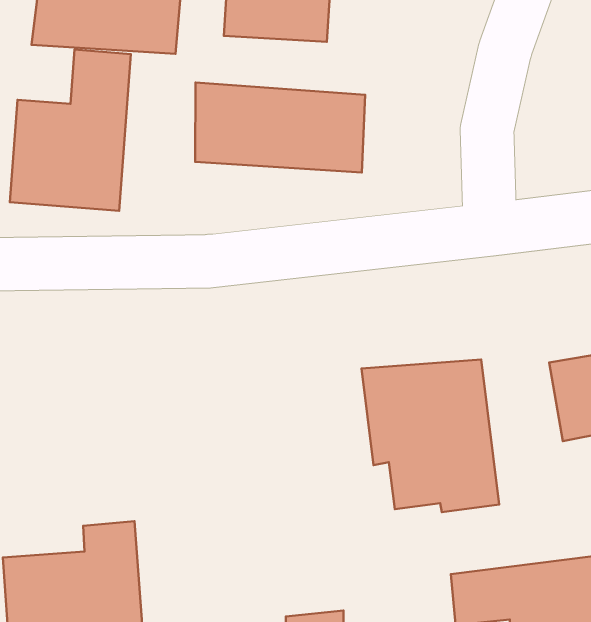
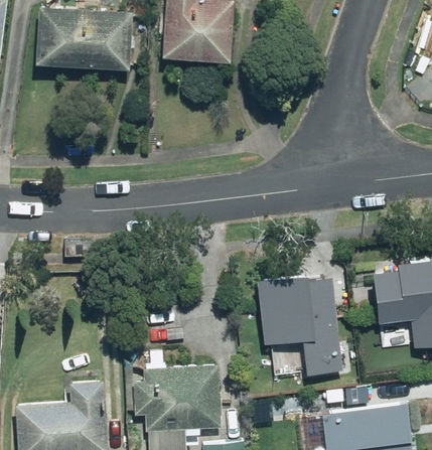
building: [10,49,131,211] -> none
building: [195,82,365,172] -> none
building: none -> [132,362,222,431]

